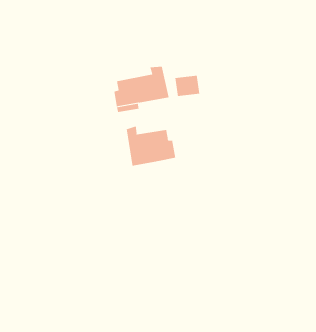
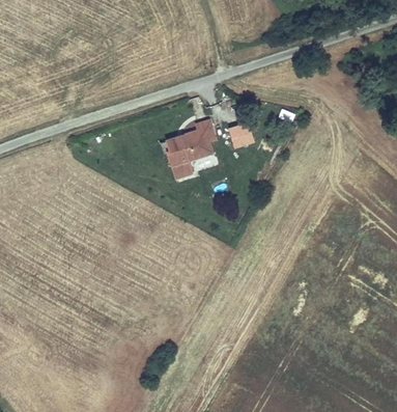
building: [126,125,176,167] -> none

